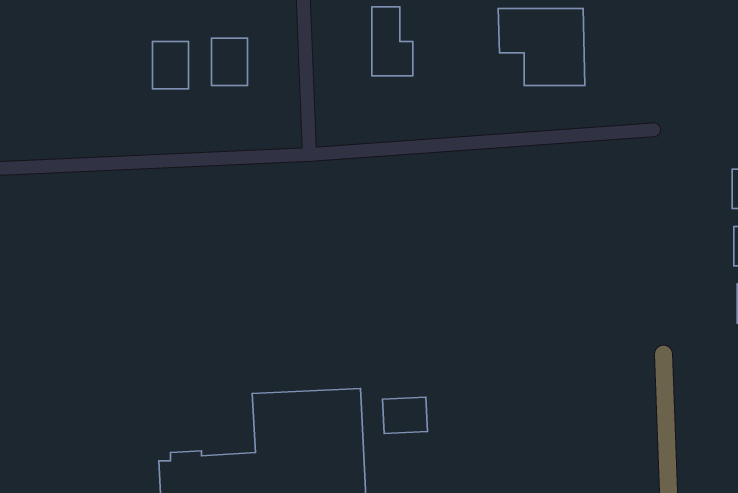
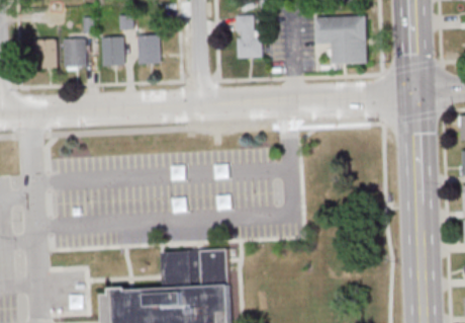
building: none -> [64,38,85,69]
building: none -> [34,39,57,68]
building: [383,397,427,434] -> none

